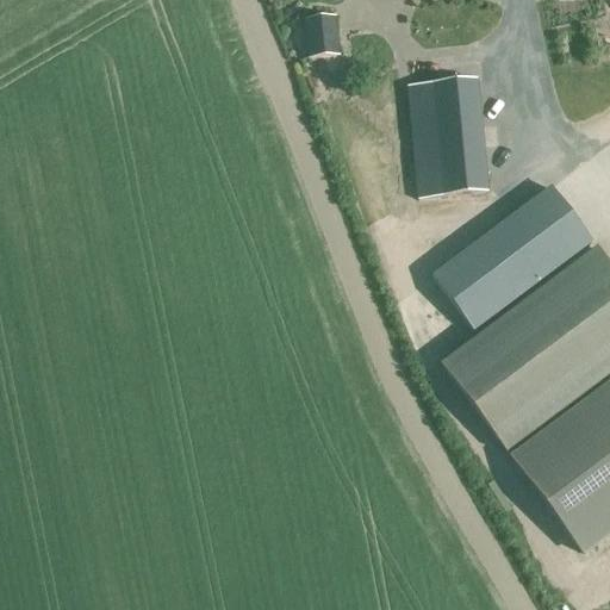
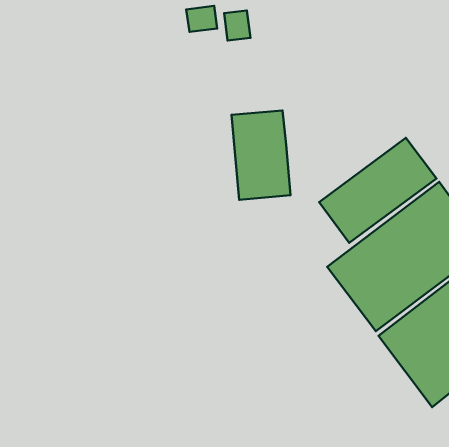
building: none -> [186,6,217,32]
building: [409,76,488,197] -> [231,111,290,200]

